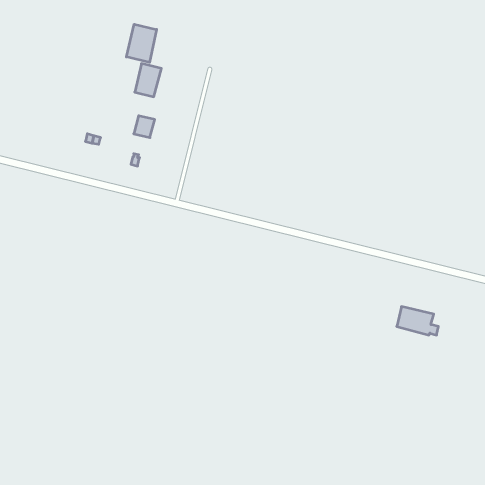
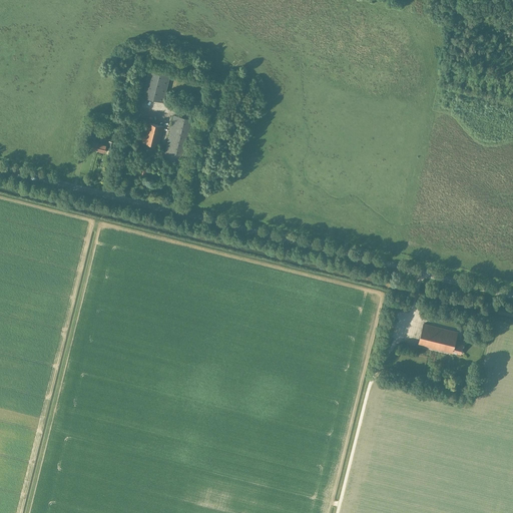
building: [126,24,157,62] -> none
building: none -> [163,115,194,163]

